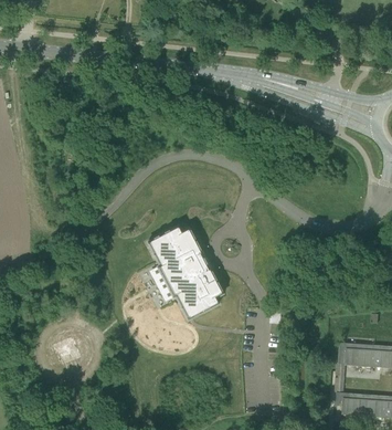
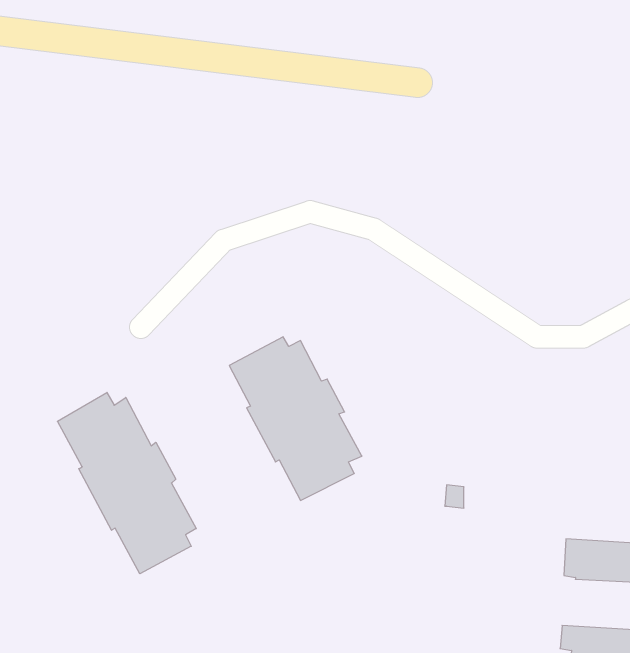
building: none -> [57,392,196,574]

